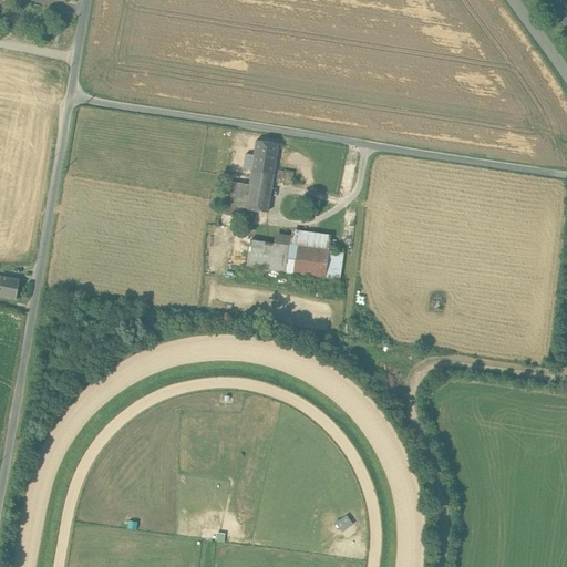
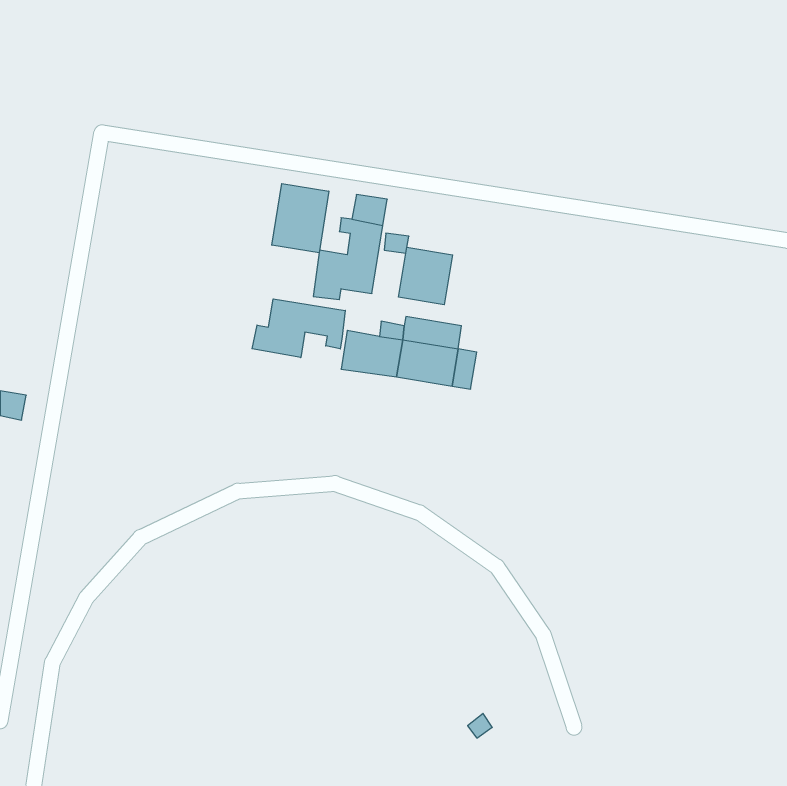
building: none -> [272,184,329,253]
building: none -> [399,247,453,305]
building: none -> [252,299,345,358]

